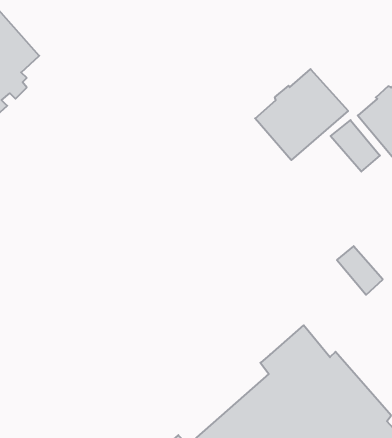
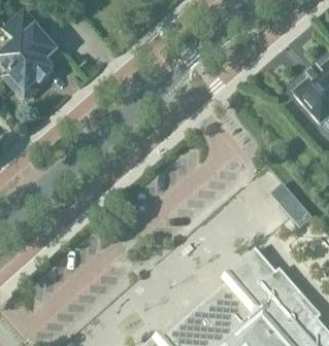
building: [255,69,348,160] -> none
building: [331,120,380,172] -> none

